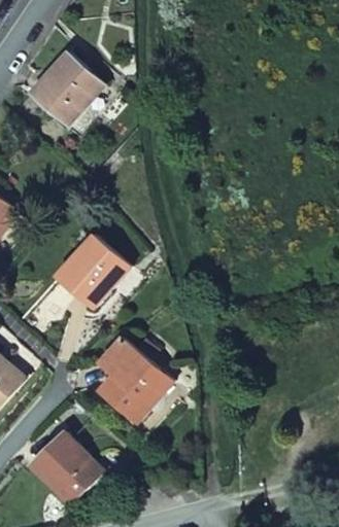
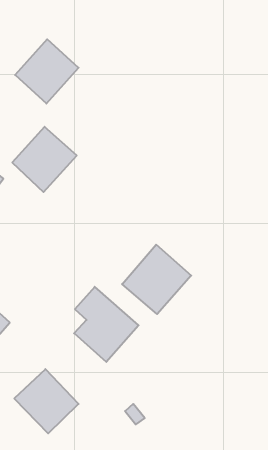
building: [57,234,131,309] -> [12,127,77,192]
building: none -> [122,245,191,314]

